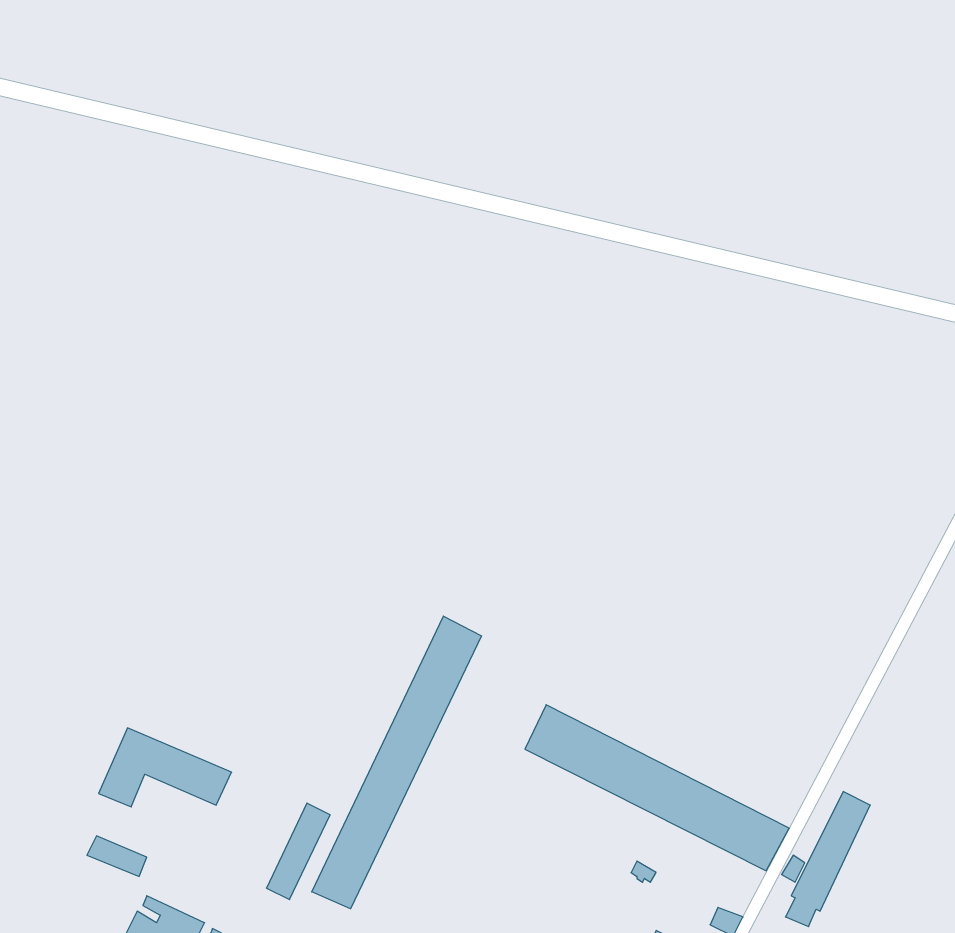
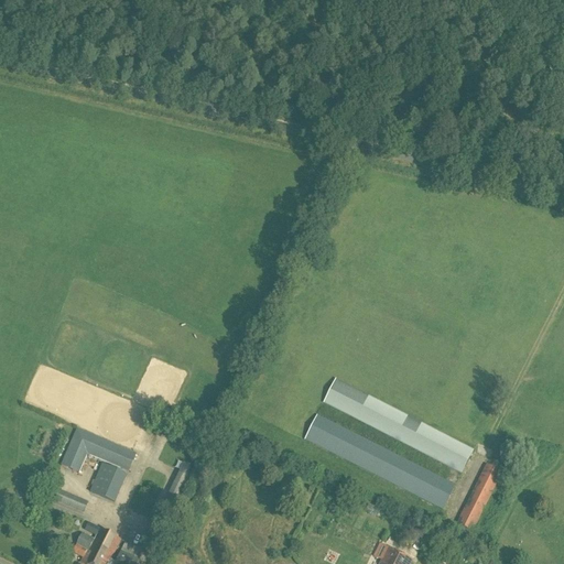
building: [312,616,482,909] -> none
building: none -> [322,378,471,473]
building: none -> [89,465,126,502]

